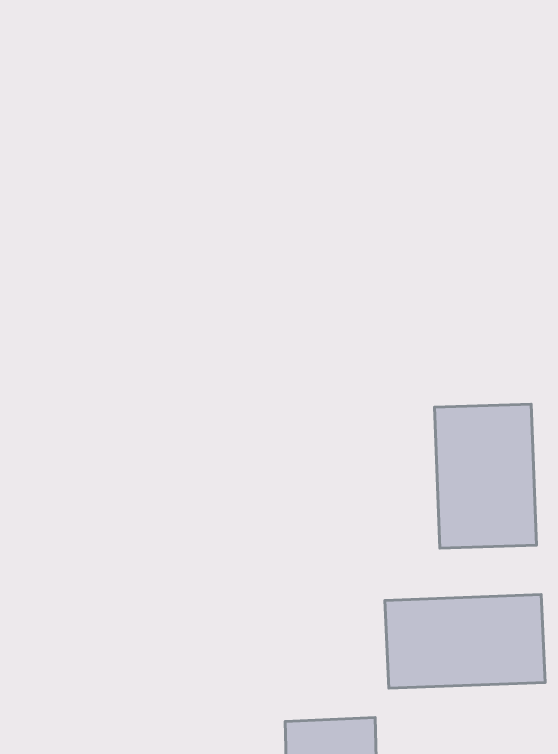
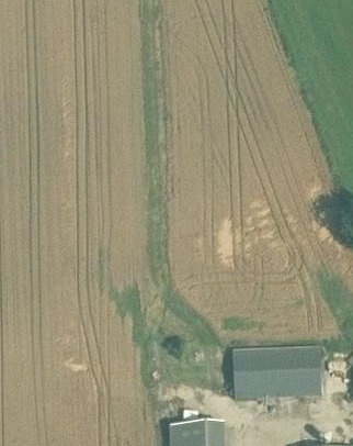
building: [435,404,536,548] -> none

